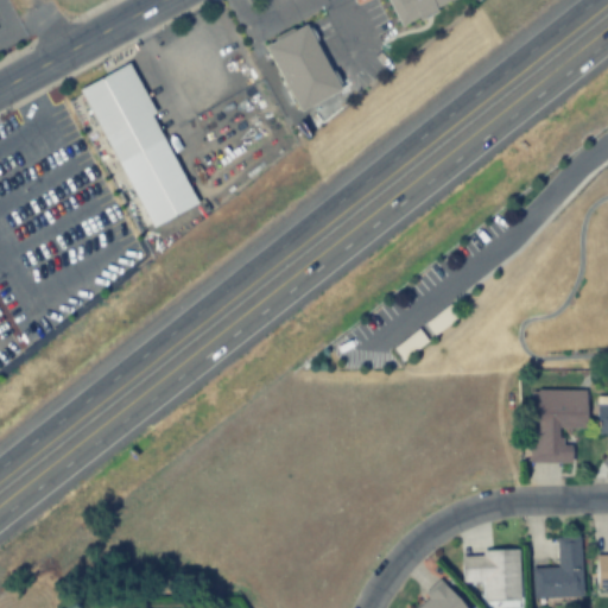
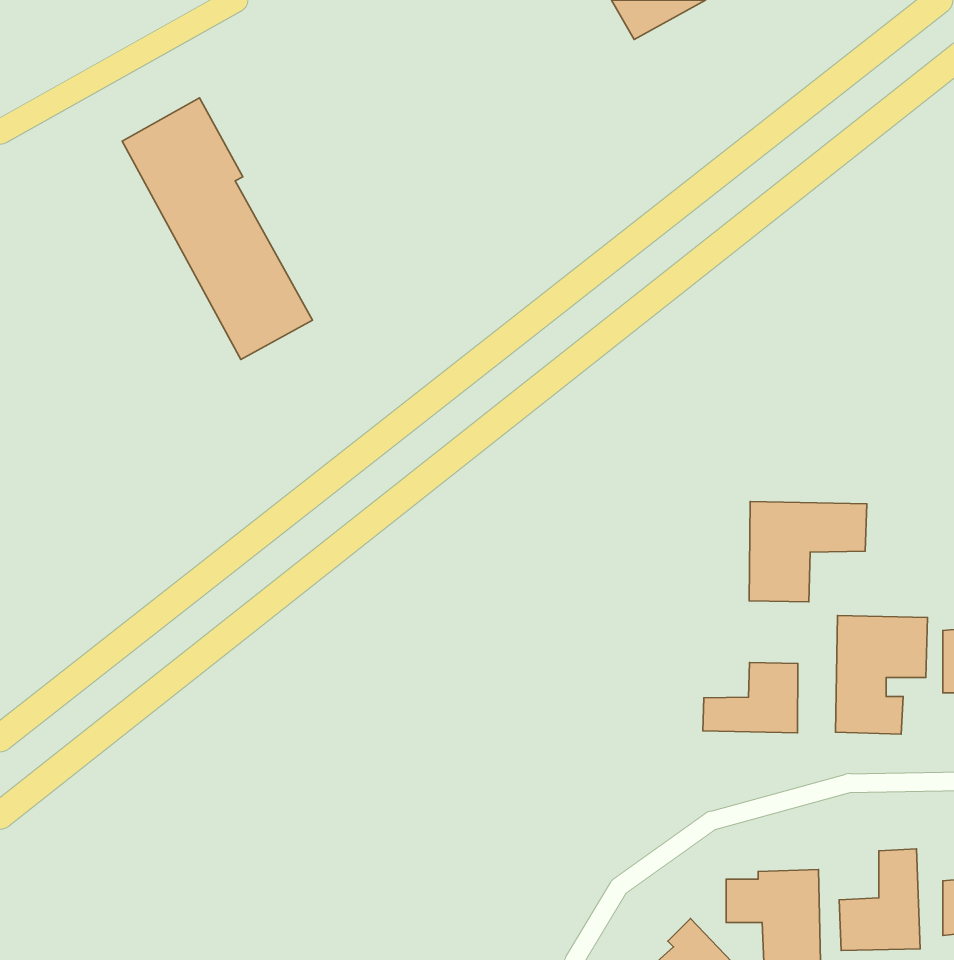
building: [268,25,344,112] -> none
building: none -> [749,501,867,602]
building: none -> [703,663,798,733]

